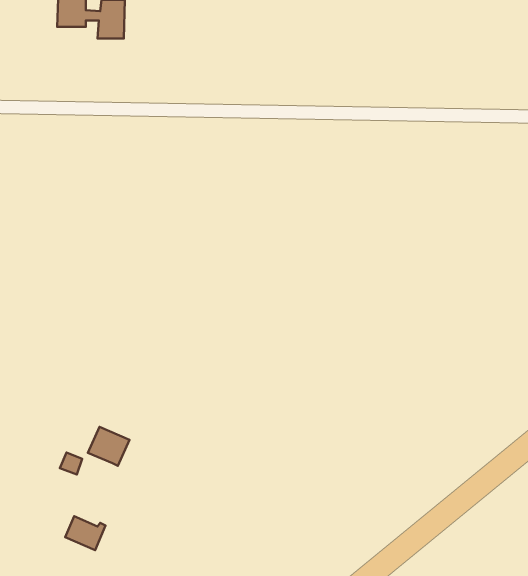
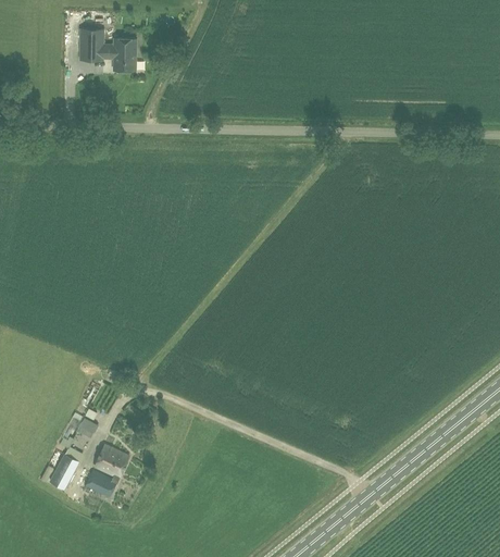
building: [88,427,129,466] -> [93,445,128,478]
building: none -> [49,454,78,490]

